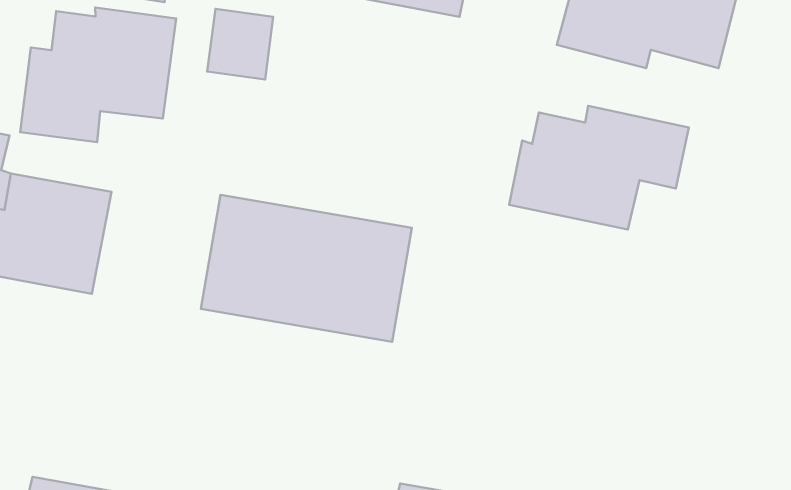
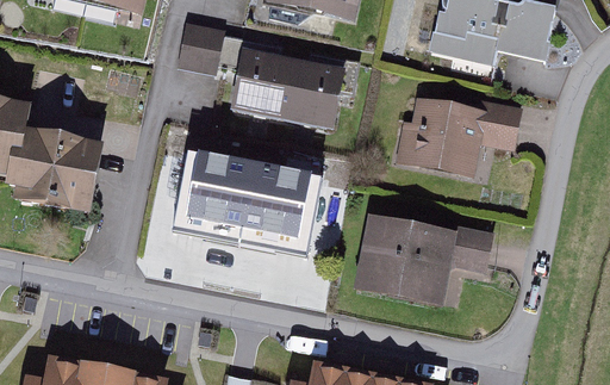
building: [20,8,176,142] -> none
building: none -> [230,50,346,129]
building: none -> [354,215,493,308]

